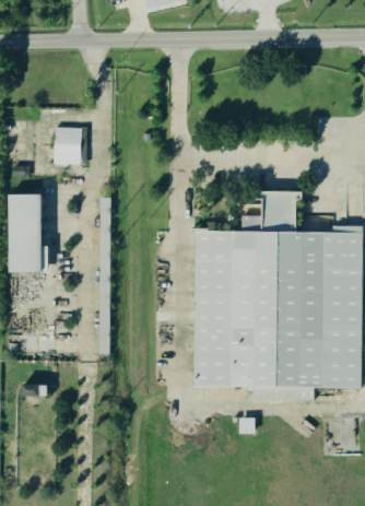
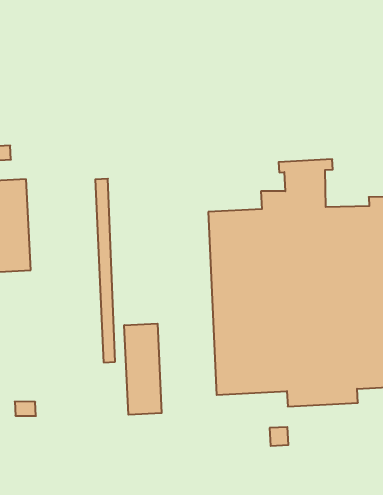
building: [51,127,80,164] -> none
building: none -> [124,324,162,415]

